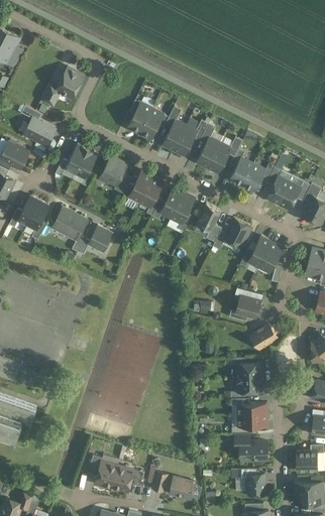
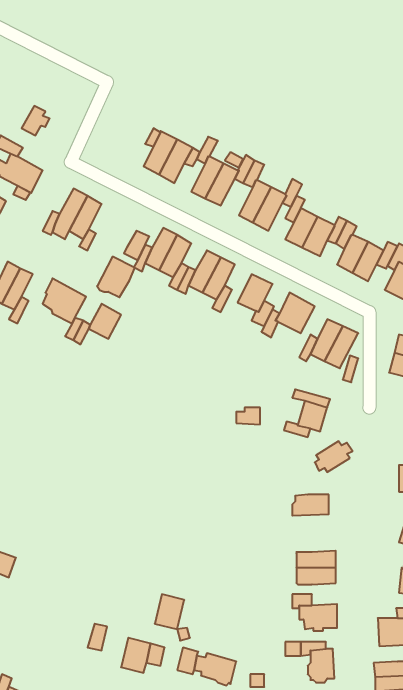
building: [56,68,84,99] -> none
building: [100,156,127,185] -> [97,257,135,297]
building: [235,377,262,392] -> none
building: [96,462,117,487] -> [155,594,184,629]

